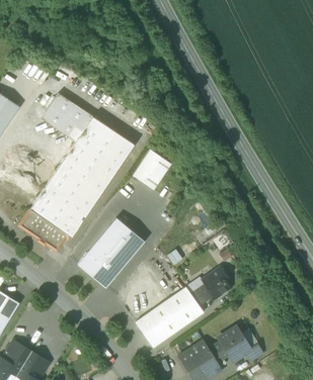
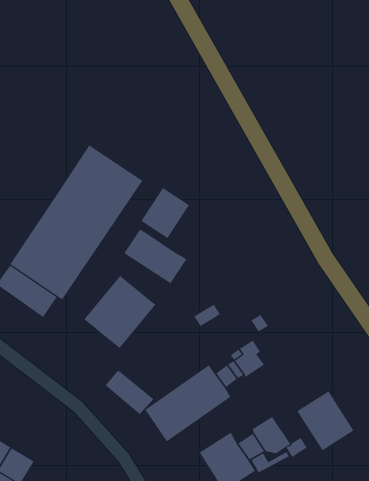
building: [42,93,93,141] -> none
building: none -> [123,228,187,284]
building: [78,252,116,287] -> [105,370,154,415]
building: none -> [296,390,354,451]

